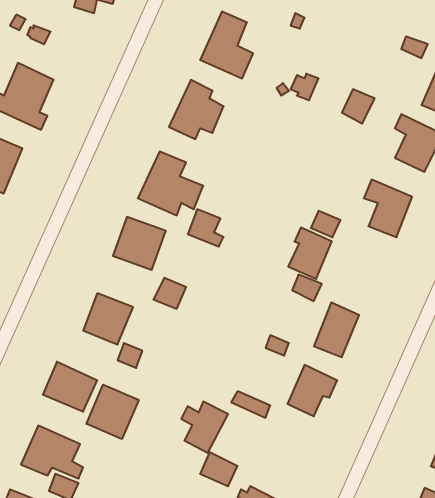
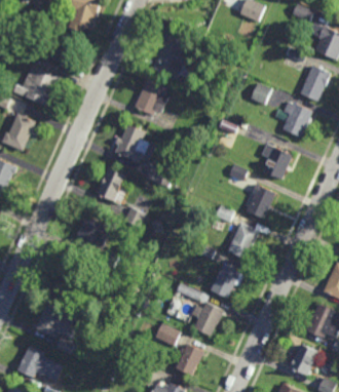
building: [288,228,332,279] -> [246,184,274,218]
building: [86,385,139,439] -> none
building: [181,402,228,453] -> [191,303,222,337]

